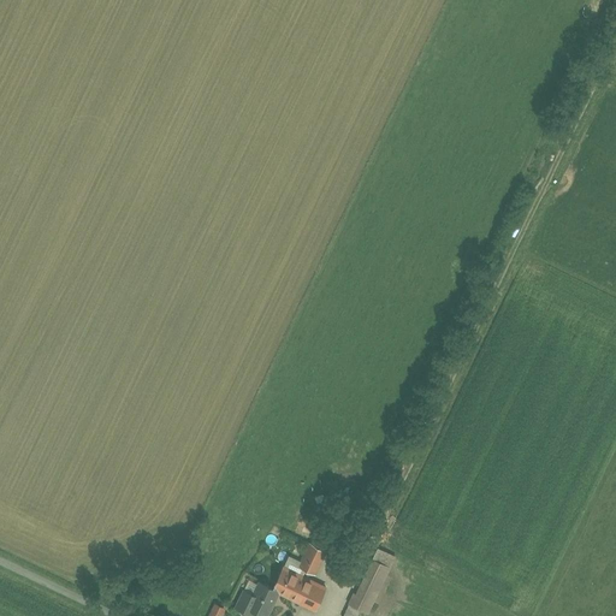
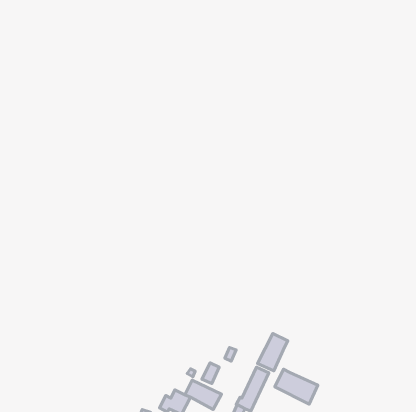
building: none -> [258,333,288,371]
building: none -> [275,369,318,404]

